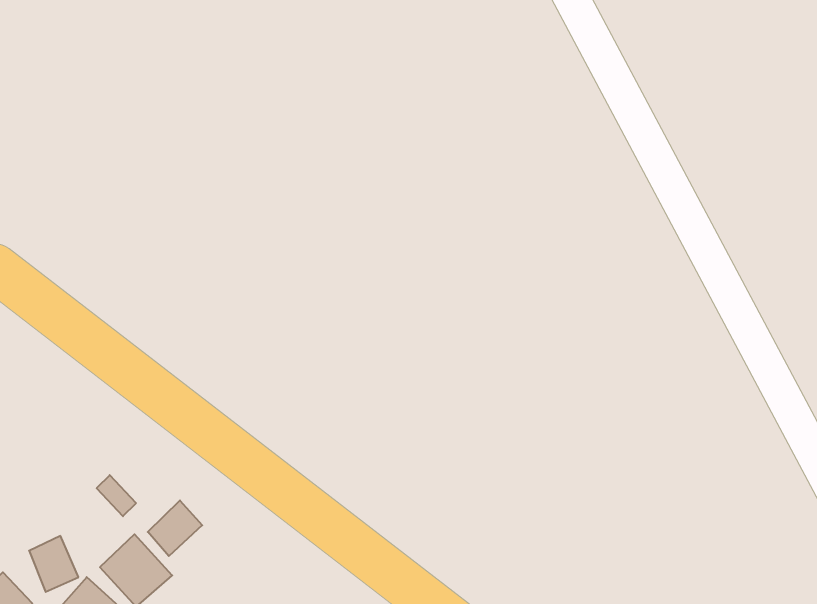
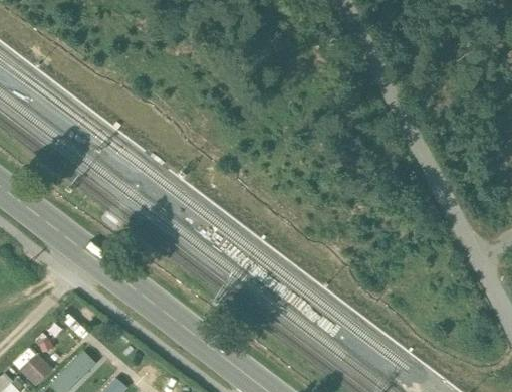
building: [148,500,202,556] -> none

